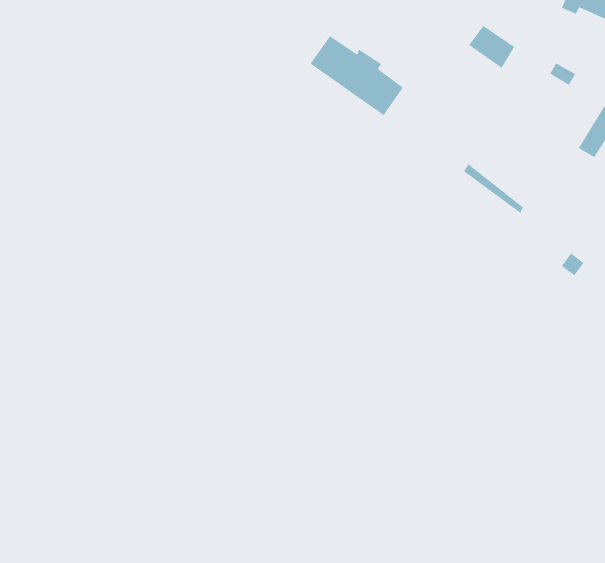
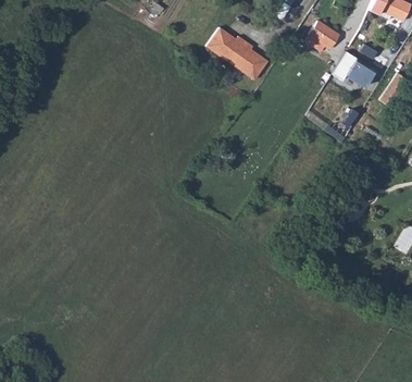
building: none -> [332,50,373,88]

